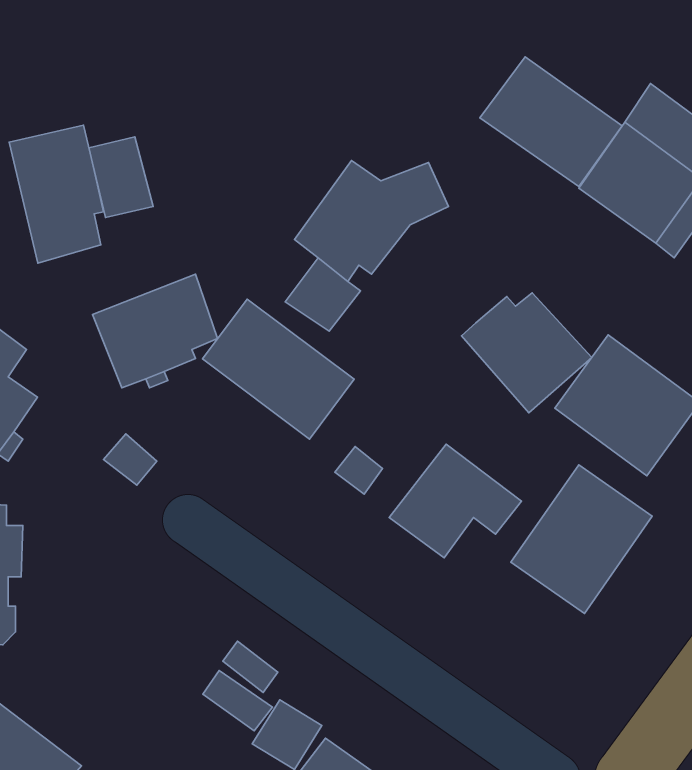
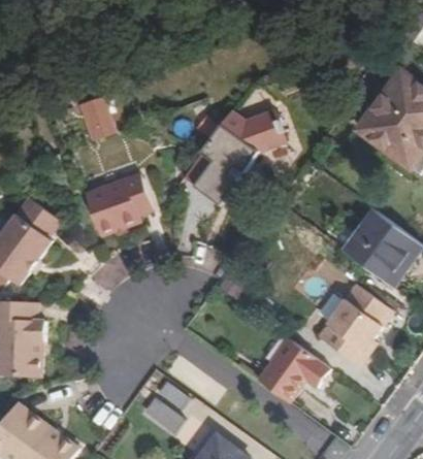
building: [480,57,622,187] -> none
building: [9,125,103,263] -> none
building: [461,293,592,413] -> none
building: [202,299,354,439] -> none
building: [389,444,521,558] -> [255,335,329,399]

